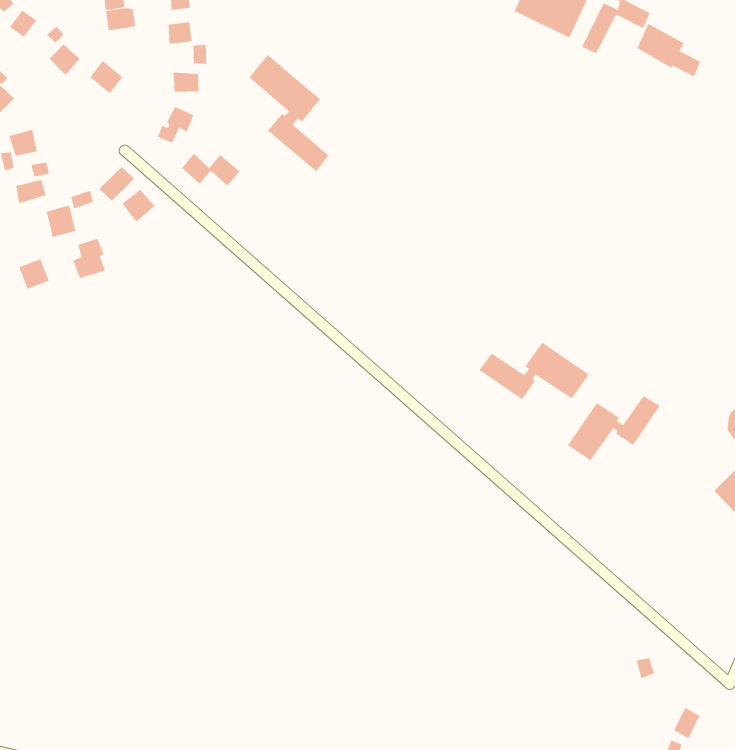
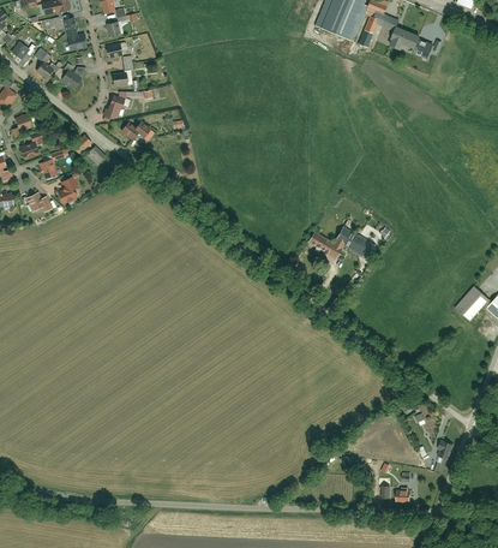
building: [249,54,329,172] -> none
building: [567,395,661,461] -> none

